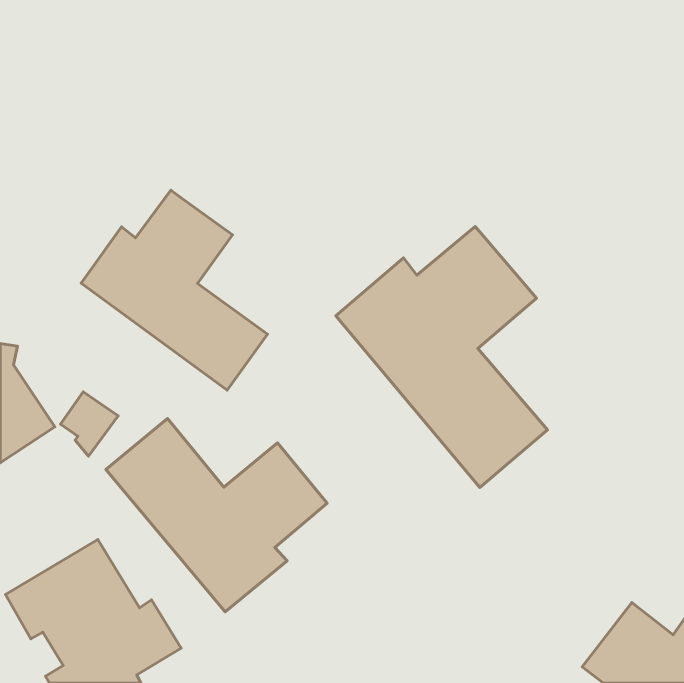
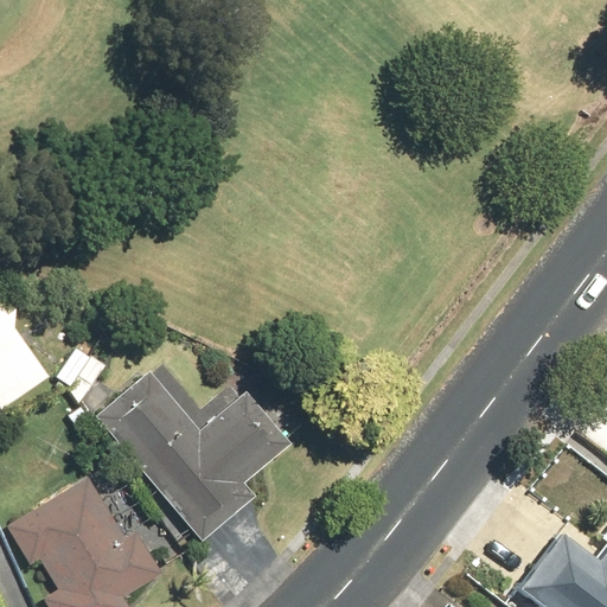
building: [81,190,268,390] -> none
building: [336,226,548,488] -> none

